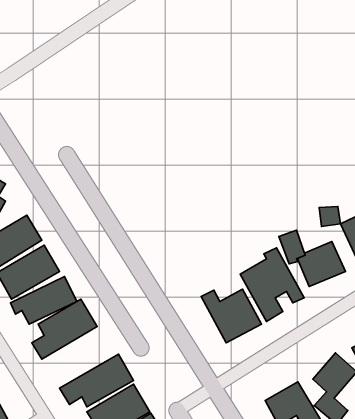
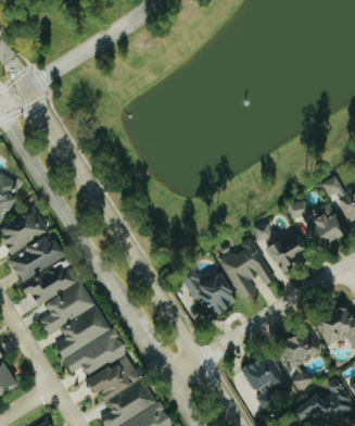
building: none -> [53,306,110,356]

